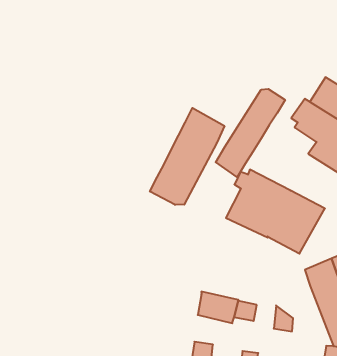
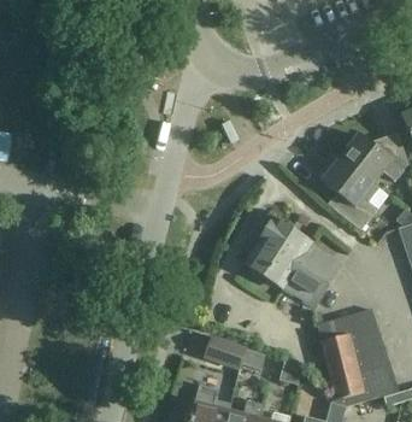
building: [216,89,285,177] -> none
building: [150,108,224,205] -> none

